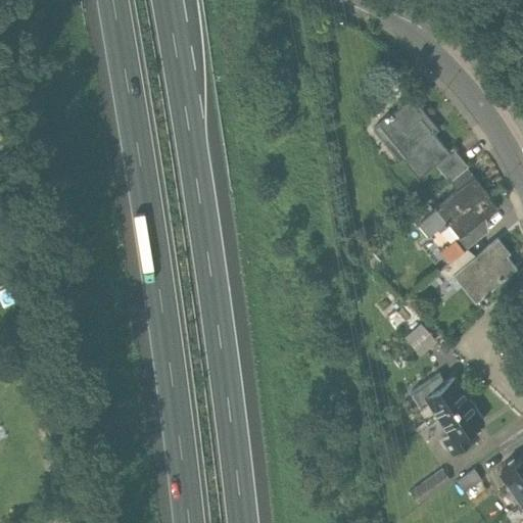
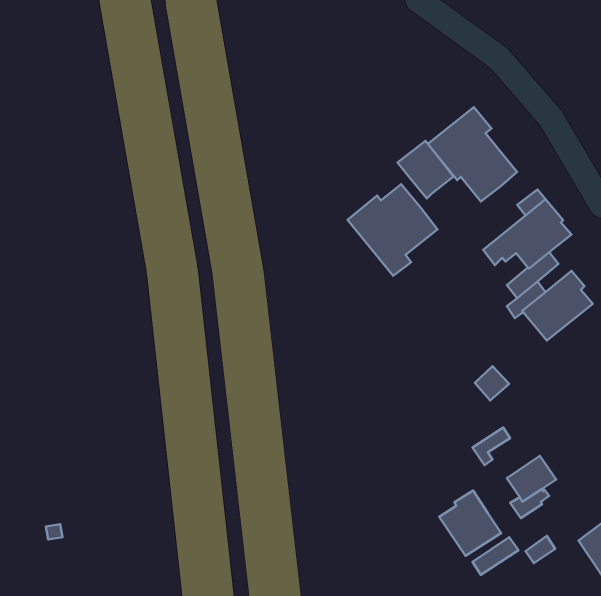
building: none -> [397,141,454,198]
building: [435,149,469,183] -> none
building: none -> [347,184,438,276]
building: [424,378,469,420] -> none
building: none -> [439,490,501,556]

